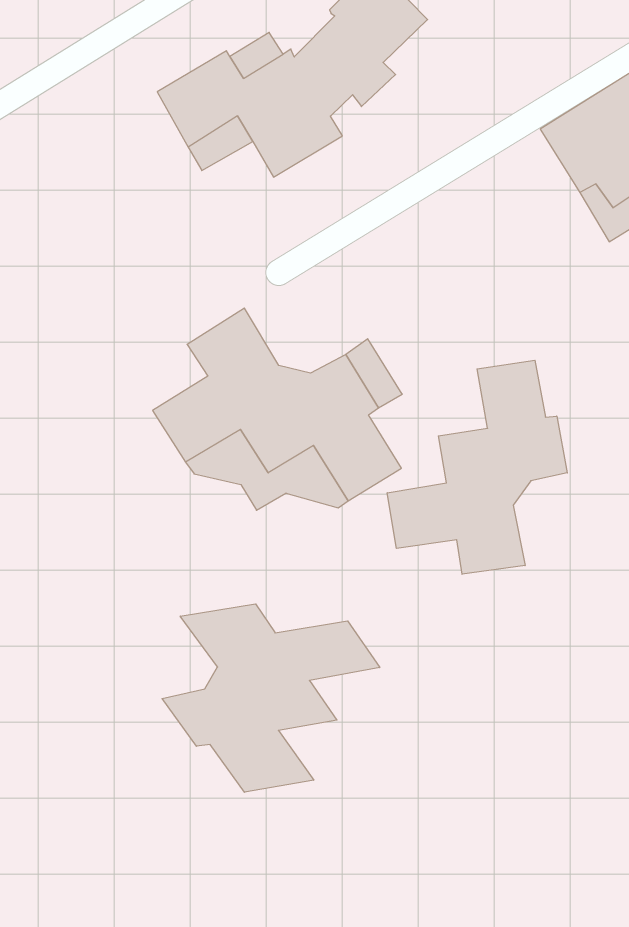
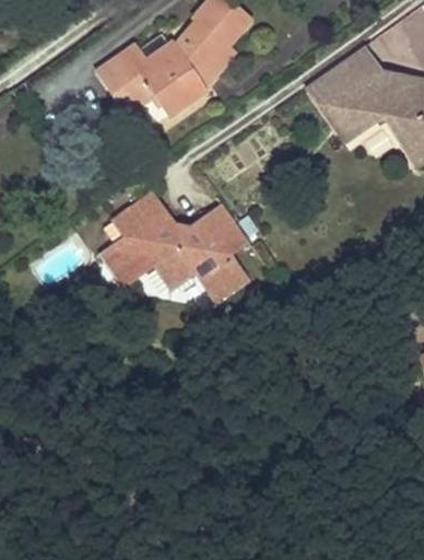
building: [387,360,567,574] -> none
building: [162,604,380,792] -> none

